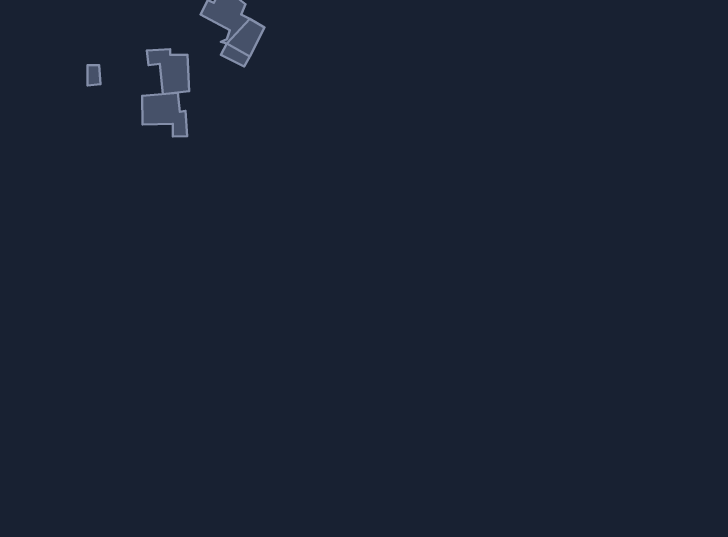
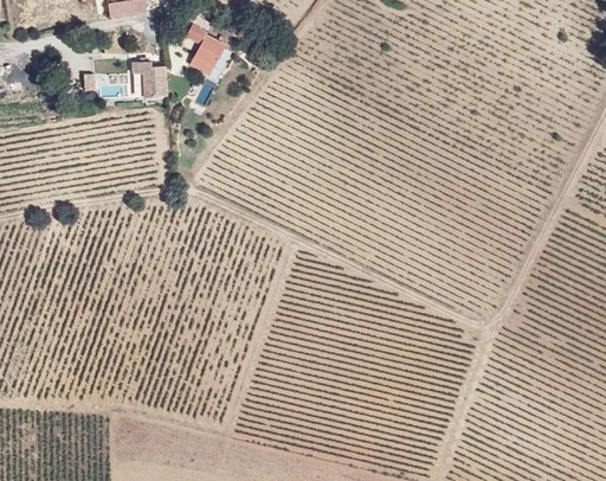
building: [142,93,187,136] -> none

